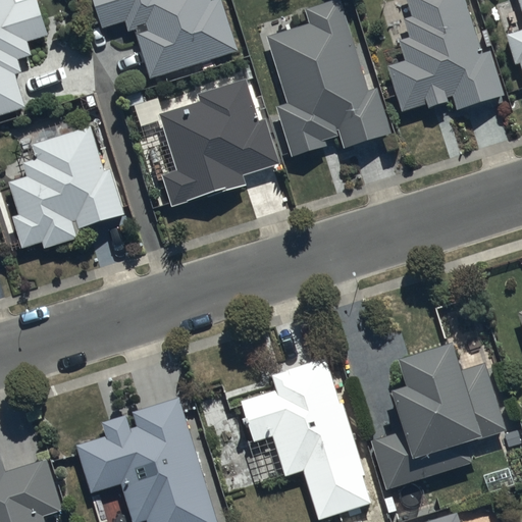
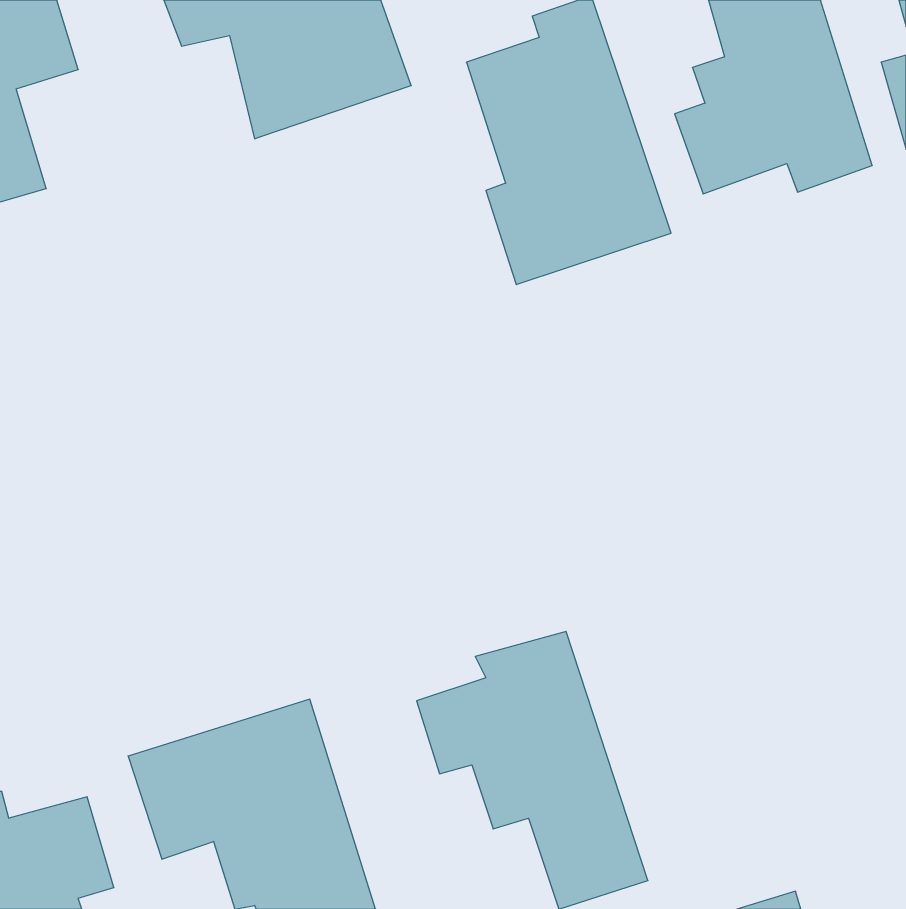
building: [155,82,279,203] -> none
building: [5,125,121,248] -> none
building: [374,345,509,488] -> none

